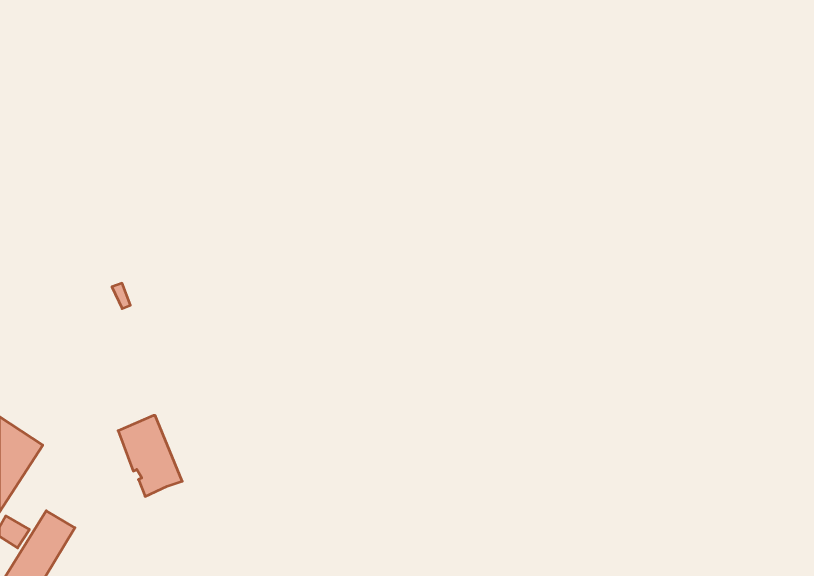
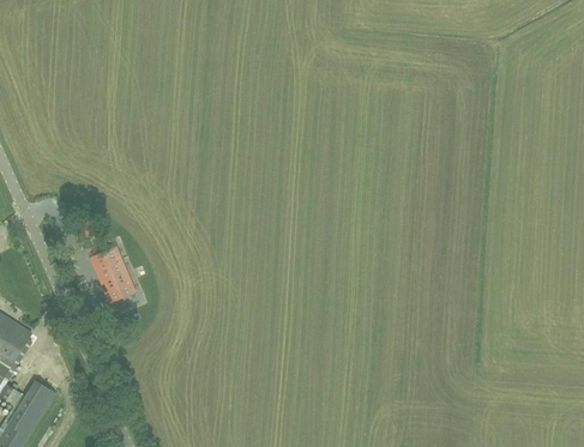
building: [118,416,182,496] -> [90,247,136,304]

